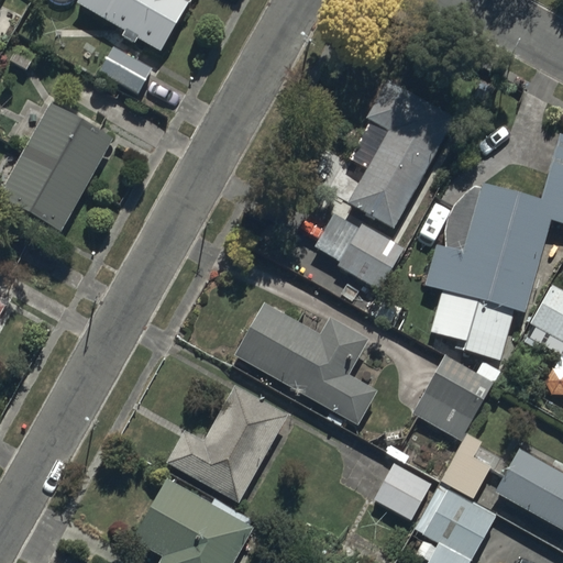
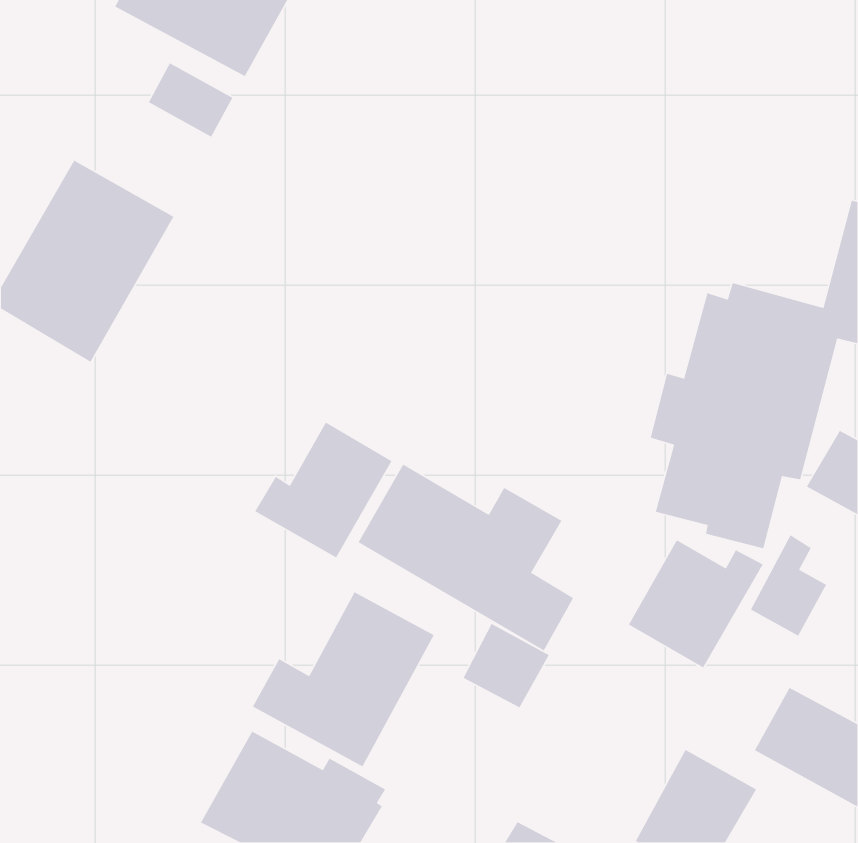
building: [346,82,455,231] -> none
building: [313,211,404,288] -> none
building: none -> [254,421,392,558]
building: [440,434,490,501] -> [750,534,827,637]
building: [373,459,430,515] -> [463,623,550,709]

